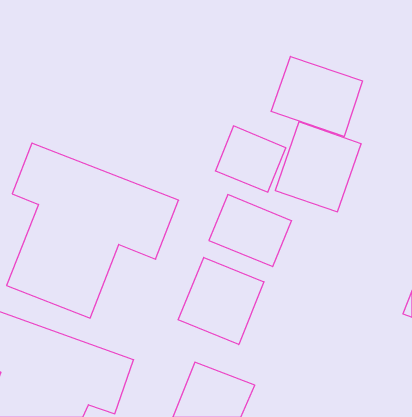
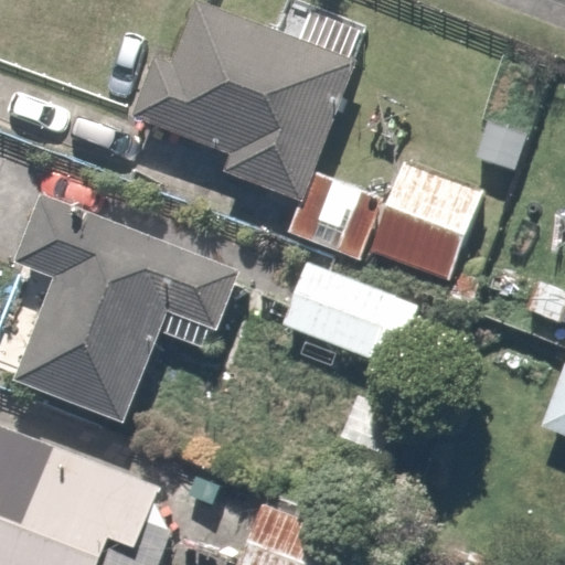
building: none -> [132,6,343,196]
building: [271,56,363,137] -> none
building: [178,257,264,345] -> none

